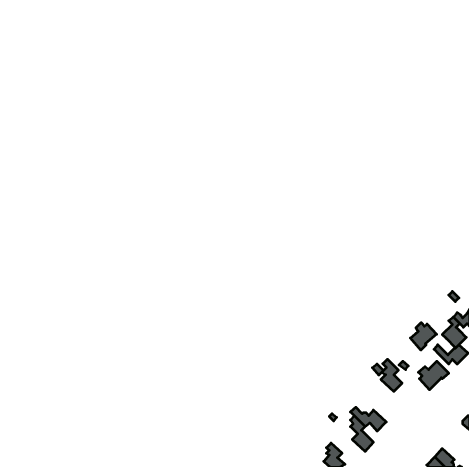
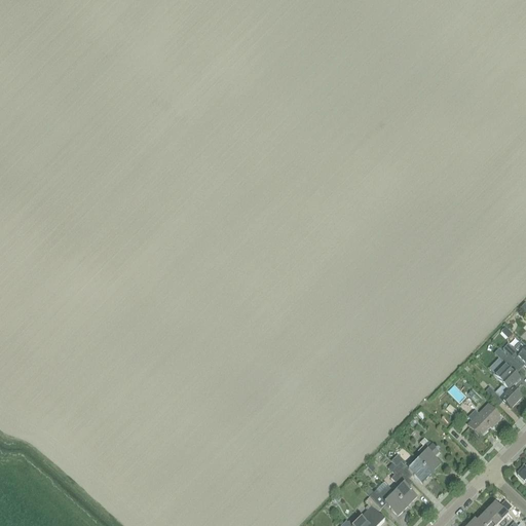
building: [410,323,437,350] -> none
building: [381,359,402,391] -> [418,436,442,472]
building: none -> [367,485,409,515]

